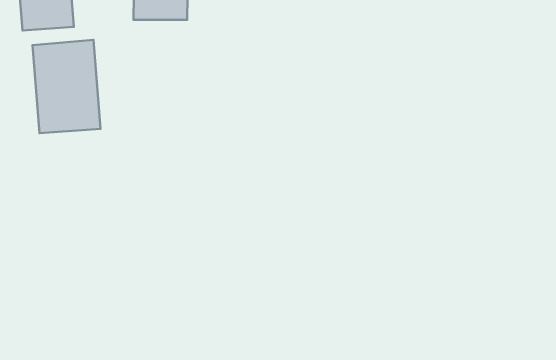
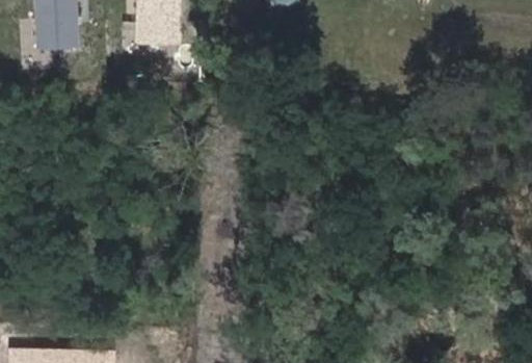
building: [33,40,100,133] -> none

